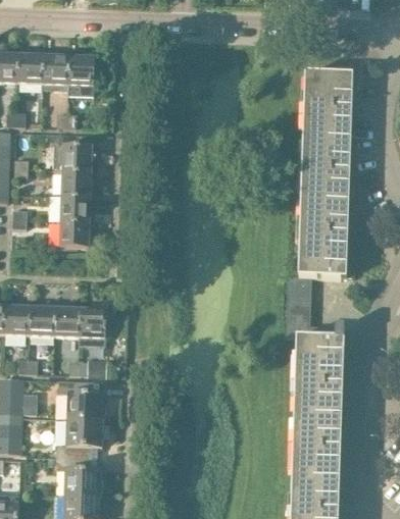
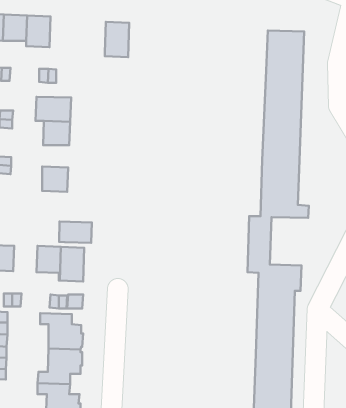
building: [69,56,96,95] -> [105,22,129,57]
building: [61,197,91,221] -> none
building: none -> [59,222,92,243]
building: [30,307,56,335] -> none

